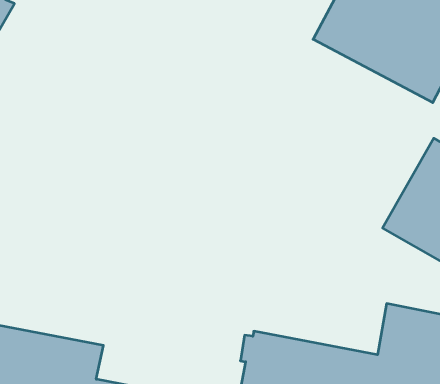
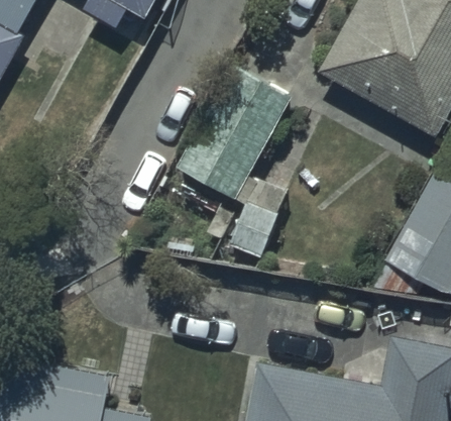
building: none -> [178,66,293,257]

